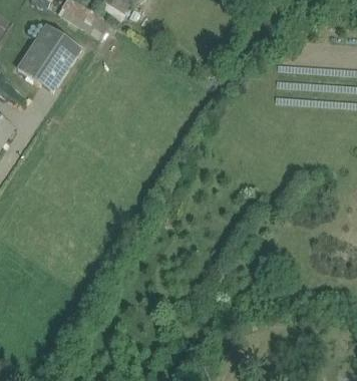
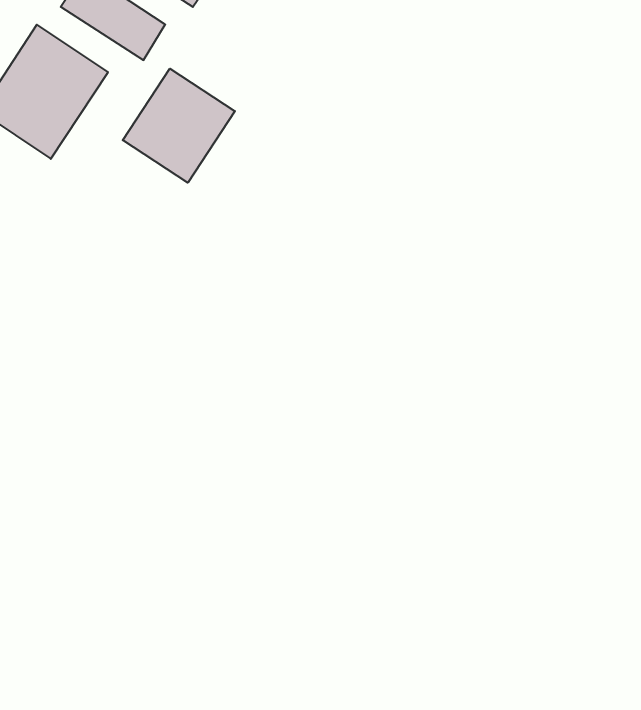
building: none -> [123,69,235,183]

